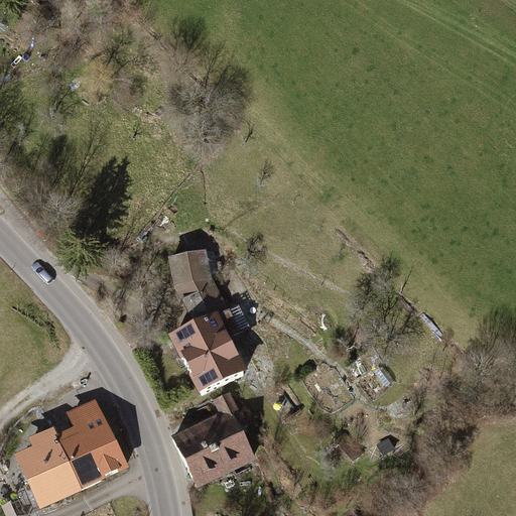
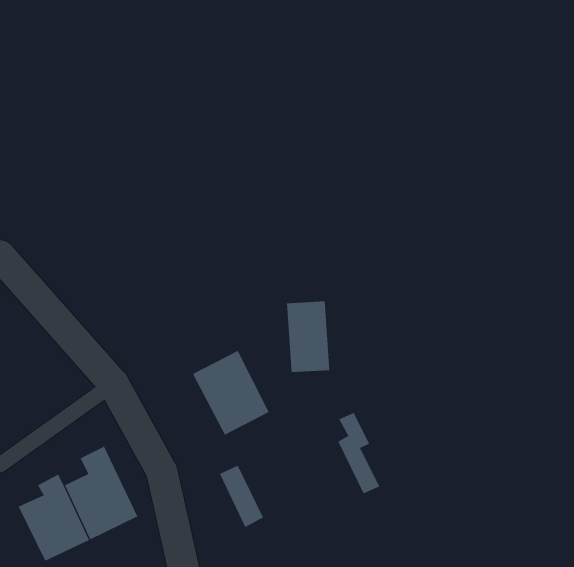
building: [177,248,217,312] -> [286,301,330,373]
building: [214,391,252,465] -> [337,412,380,494]
building: [178,425,220,482] -> none

